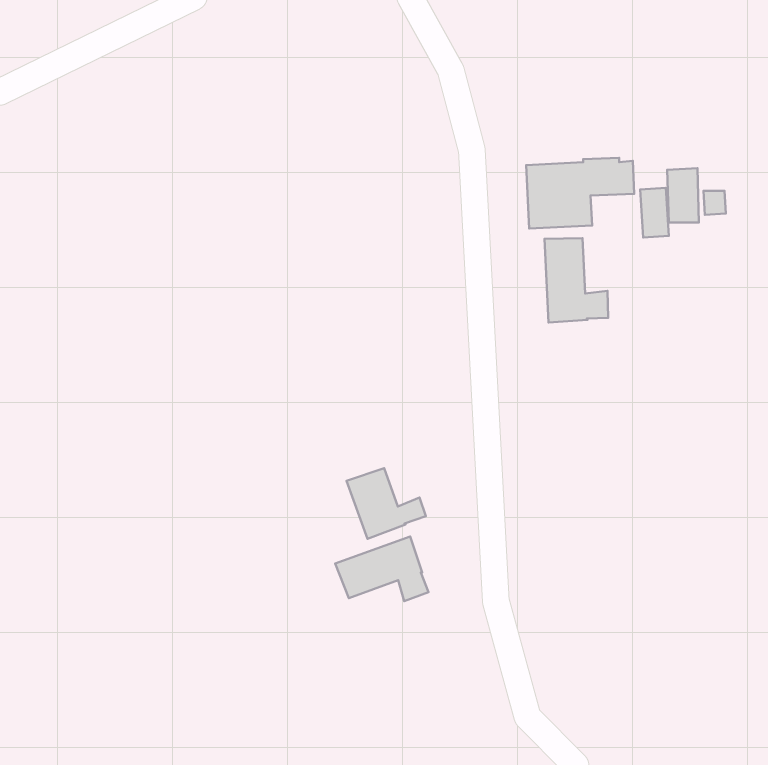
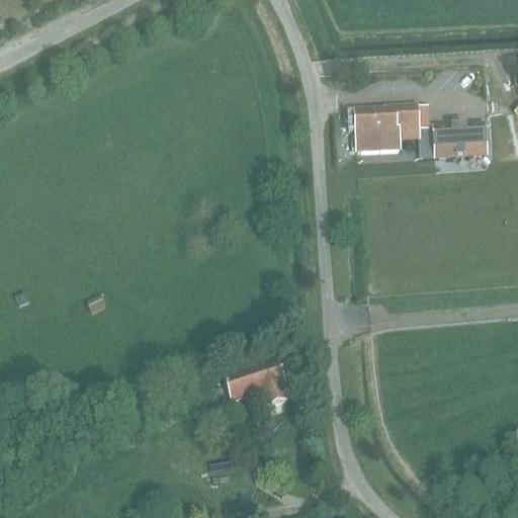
building: [545,238,608,323] -> none
building: [347,468,426,539] -> none

